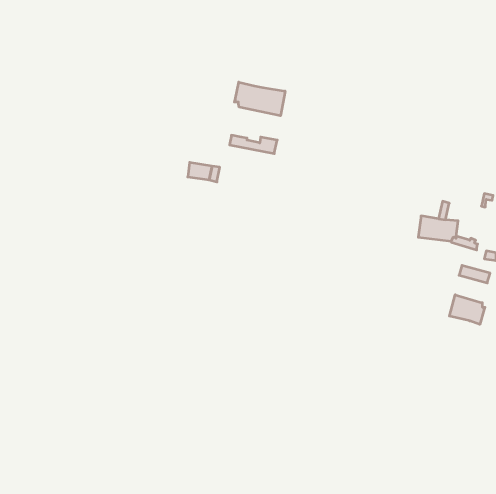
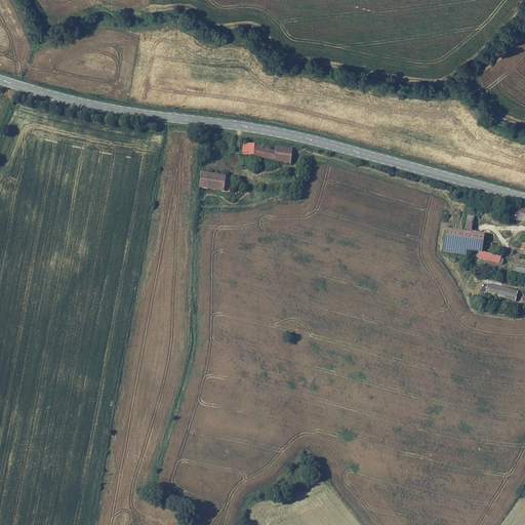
building: [234,82,285,116] -> none
building: [449,295,485,324] -> none

